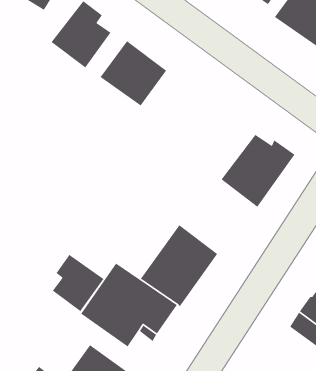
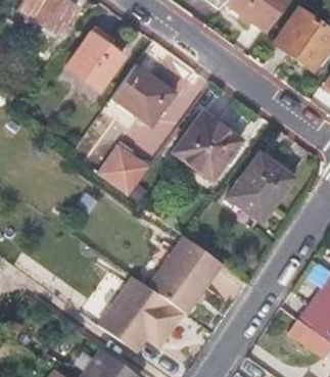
building: none -> [173,111,239,179]
building: none -> [97,143,150,196]
building: [52,254,105,312] -> none

